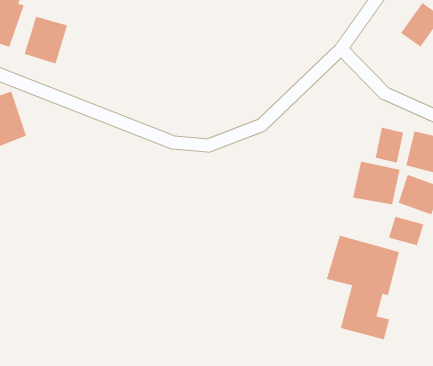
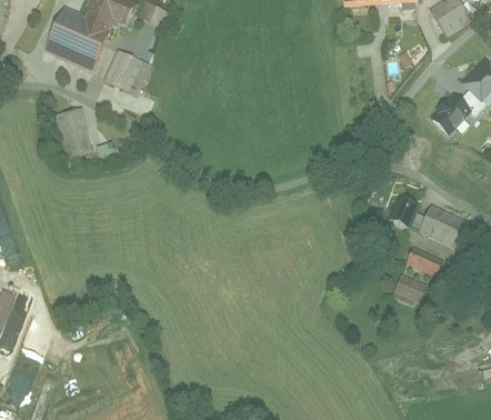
building: [353,161,400,205] -> none
building: [326,235,400,340] -> none

